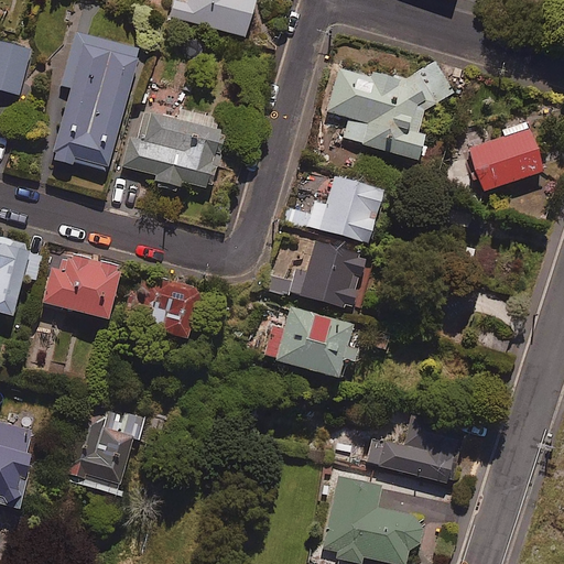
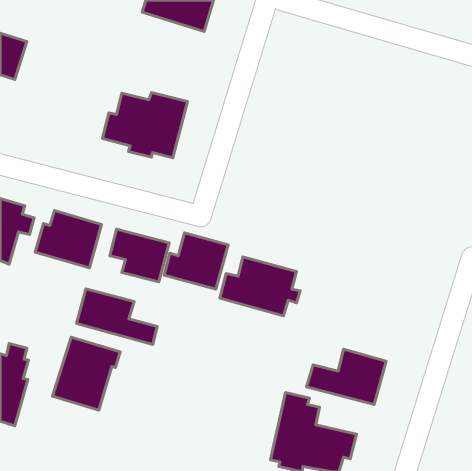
building: [50,33,141,173] -> none
building: [327,63,448,160] -> none
building: [466,124,543,188] -> none
building: [307,176,382,242] -> none
building: [290,241,366,308] -> [164,233,228,289]
building: none -> [77,289,157,344]

